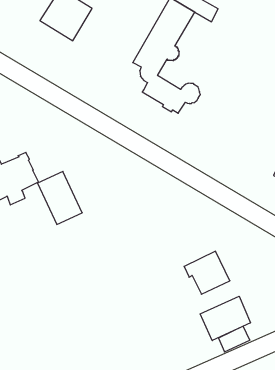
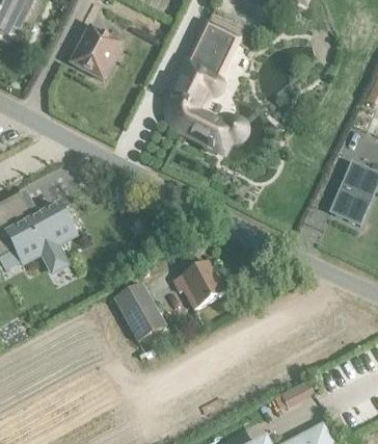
building: [37,171,82,224] -> [115,283,166,341]
building: [184,251,230,294] -> [174,261,225,309]
building: [200,296,250,341] -> none

